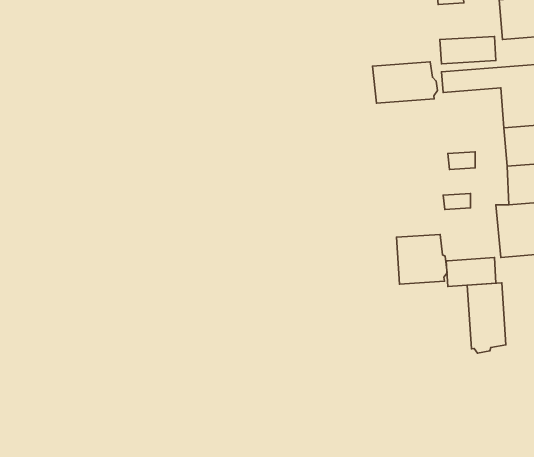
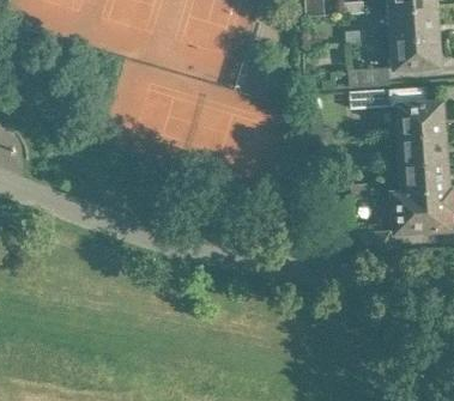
building: [372,62,437,103] -> none
building: [396,234,447,284] -> none
building: [467,283,506,353] -> none

